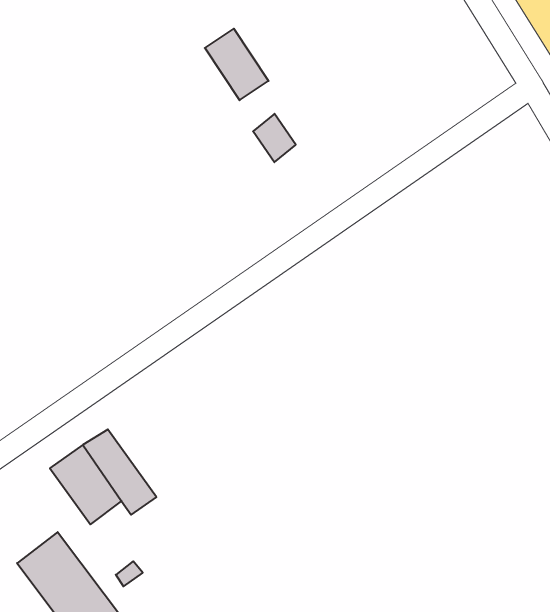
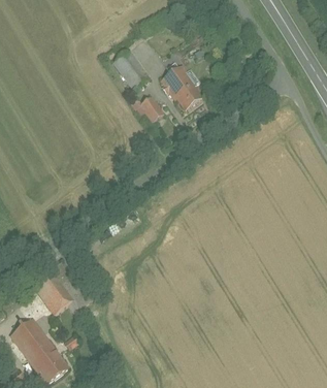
building: none -> [156,66,199,110]

